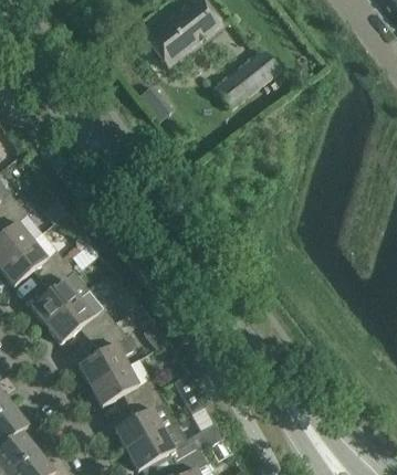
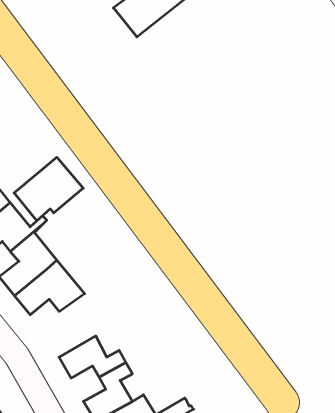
building: [215,50,280,109] -> none
building: none -> [14,157,83,221]
building: [77,323,135,386] -> none

